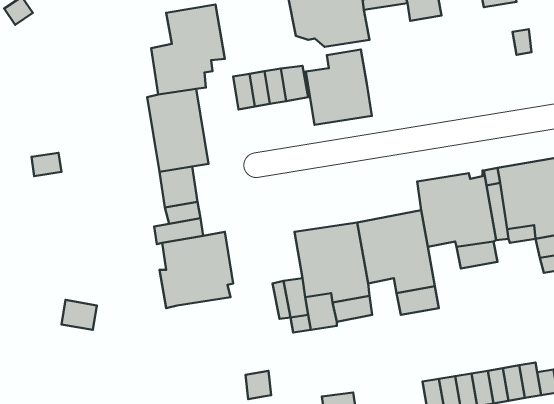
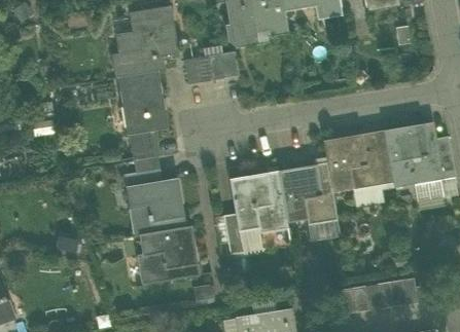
building: none -> [112,12,138,76]
building: [306,50,372,125] -> none
building: none -> [137,225,200,285]

